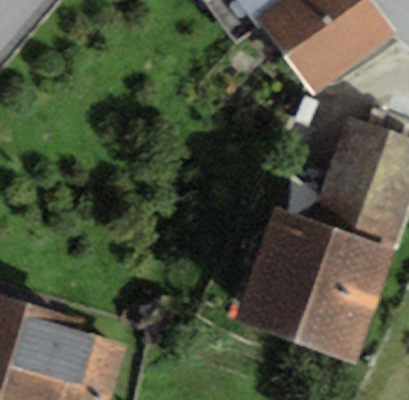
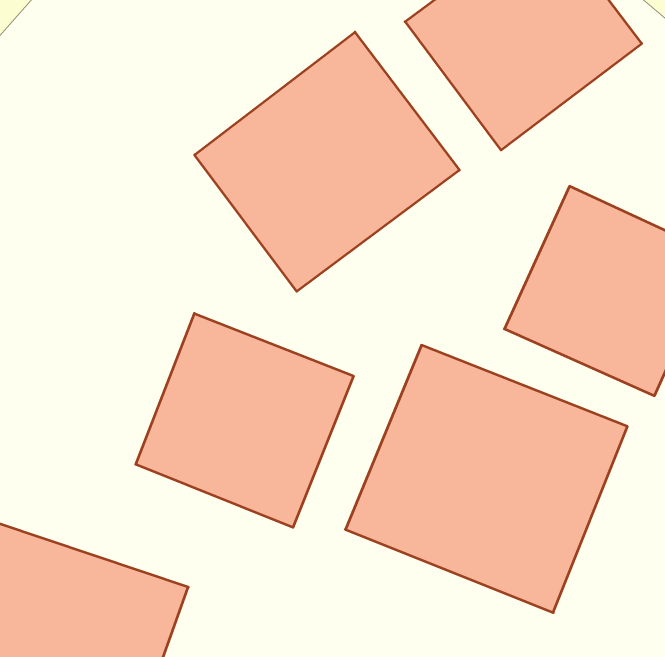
building: none -> [195,32,459,291]
building: none -> [136,313,353,527]

